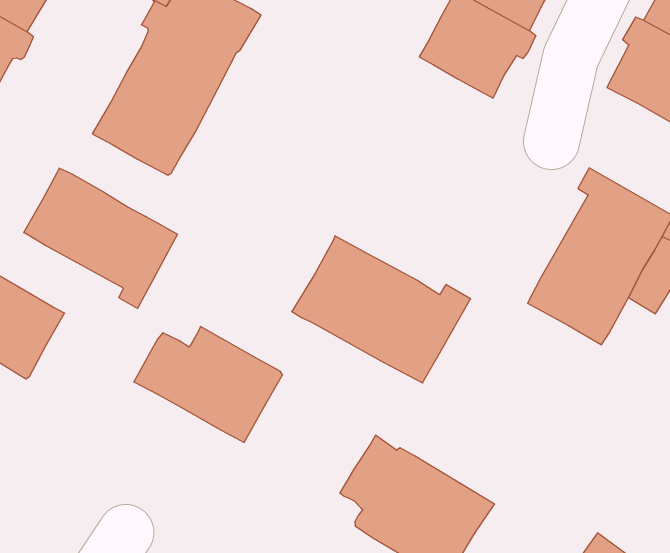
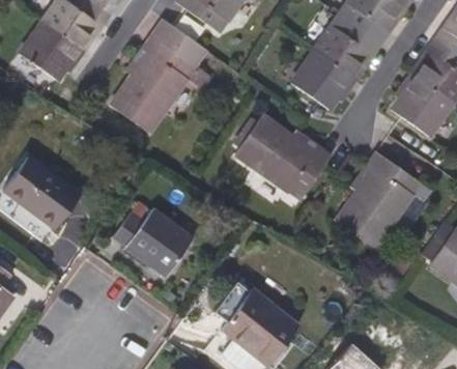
building: [24,168,178,308] -> none
building: [292,236,471,383] -> [231,111,329,196]

